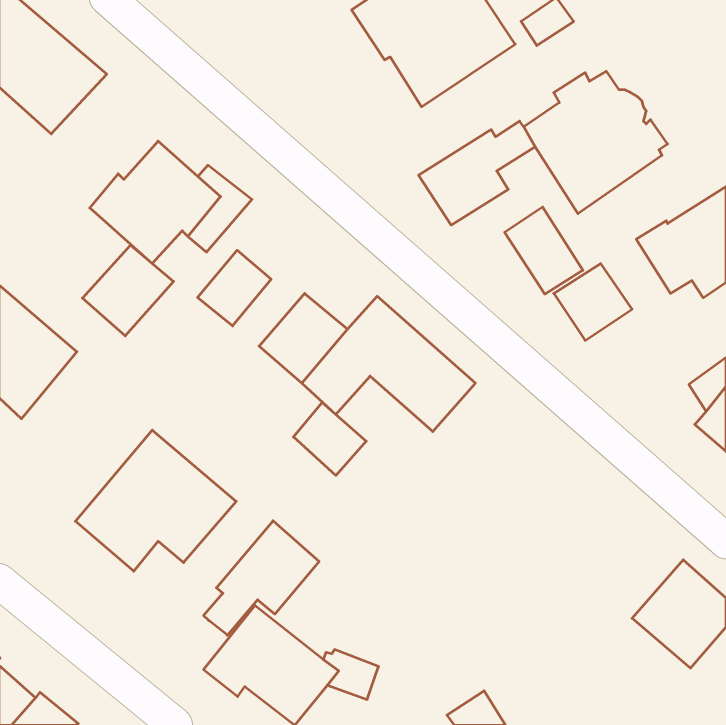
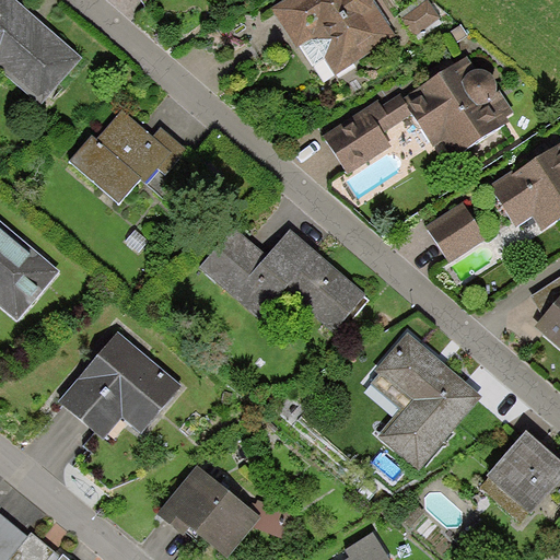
building: [505,207,583,294] -> none
building: [82,245,174,336] -> none
building: [198,250,271,326] -> none
building: [293,402,366,475] -> none
building: none -> [370,331,482,470]
building: [204,521,319,635] -> none

